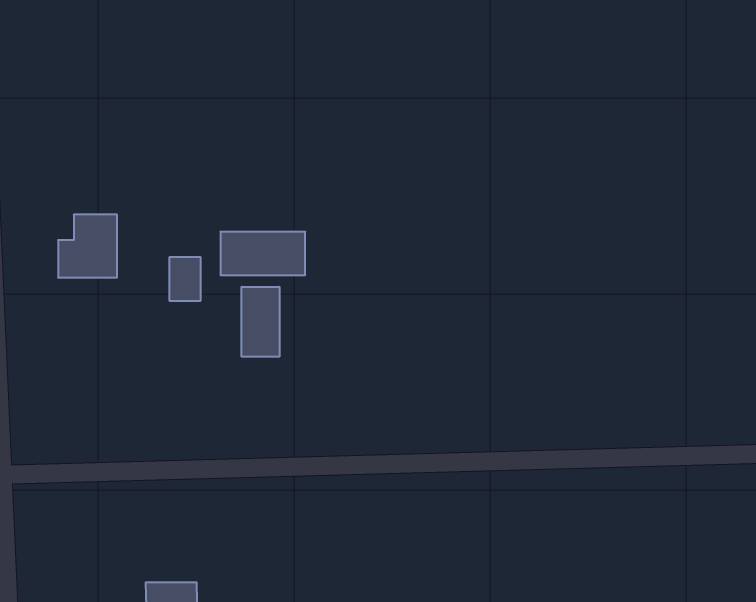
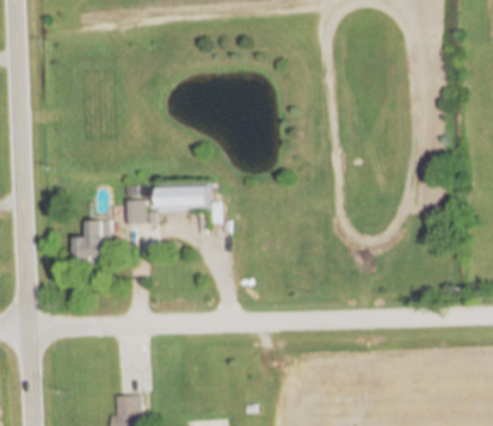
building: [58,215,117,278] -> [75,221,111,259]
building: [242,287,279,357] -> none

